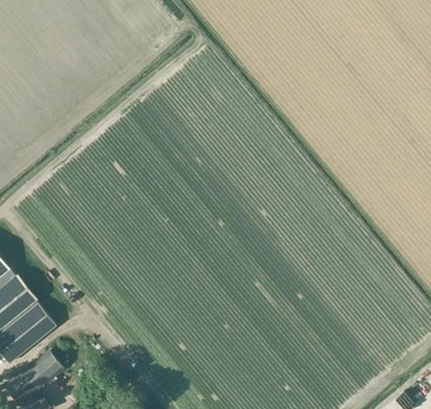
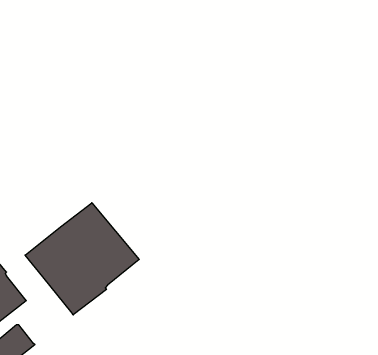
building: none -> [25,203,139,315]

